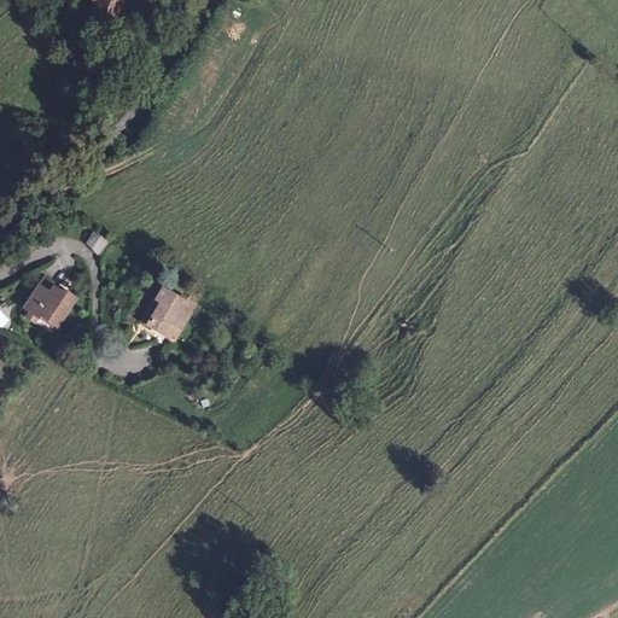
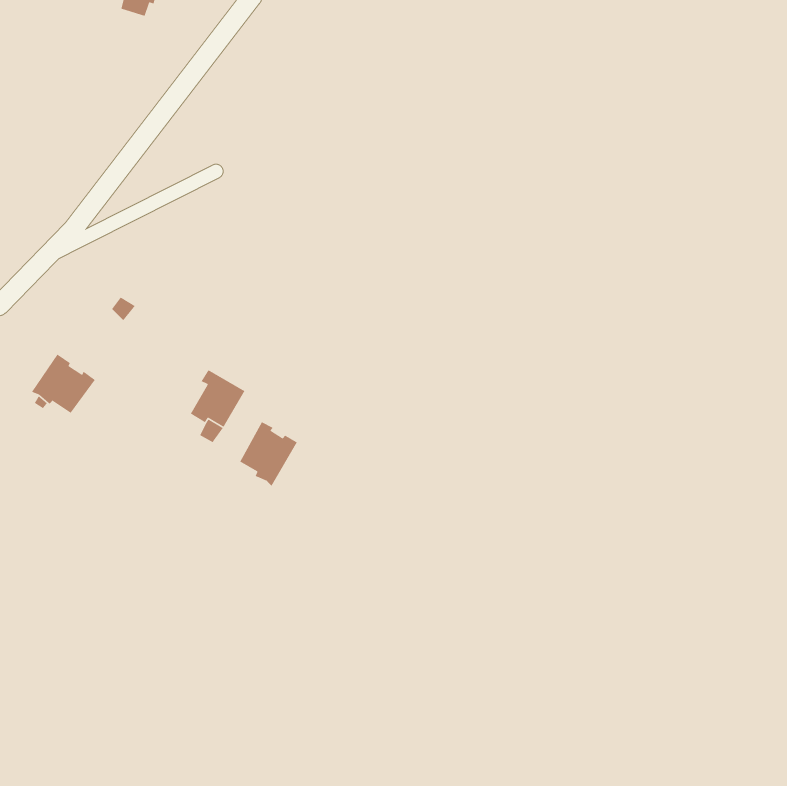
building: none -> [239,421,298,487]

